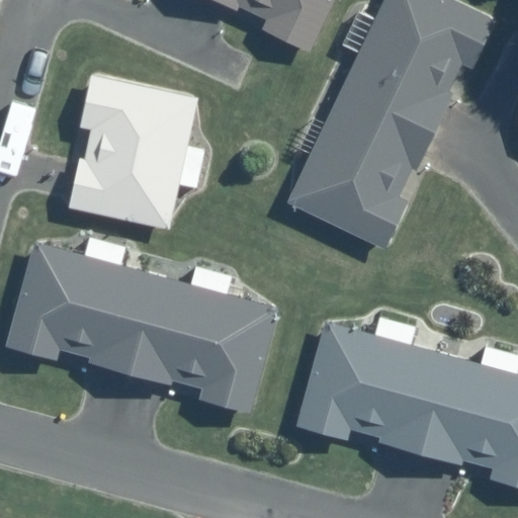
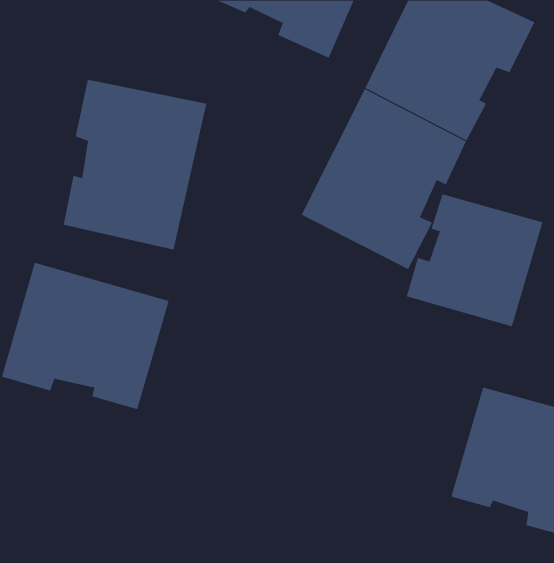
building: none -> [406,193,543,327]
building: [135,276,282,417] -> none
building: [296,320,451,456] -> none

